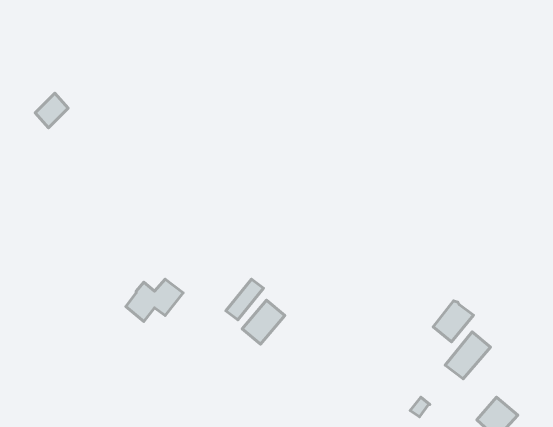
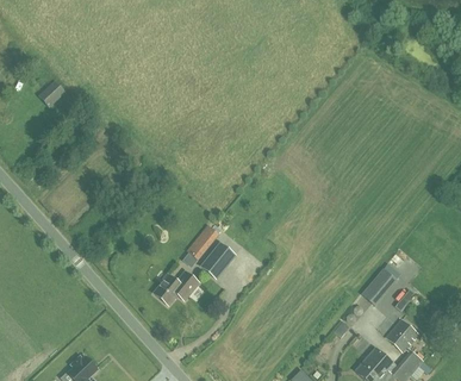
building: [126,279,183,321] -> [154,271,199,305]
building: [433,301,473,342] -> none

